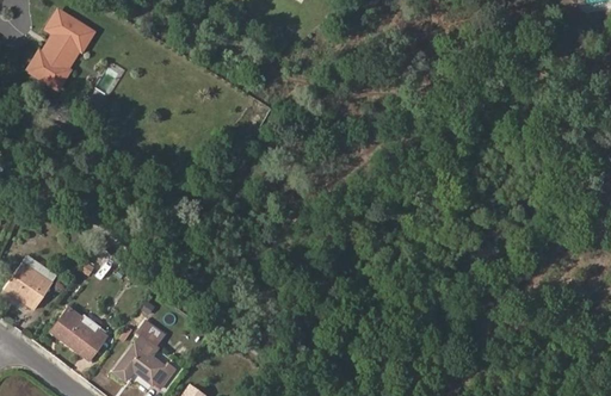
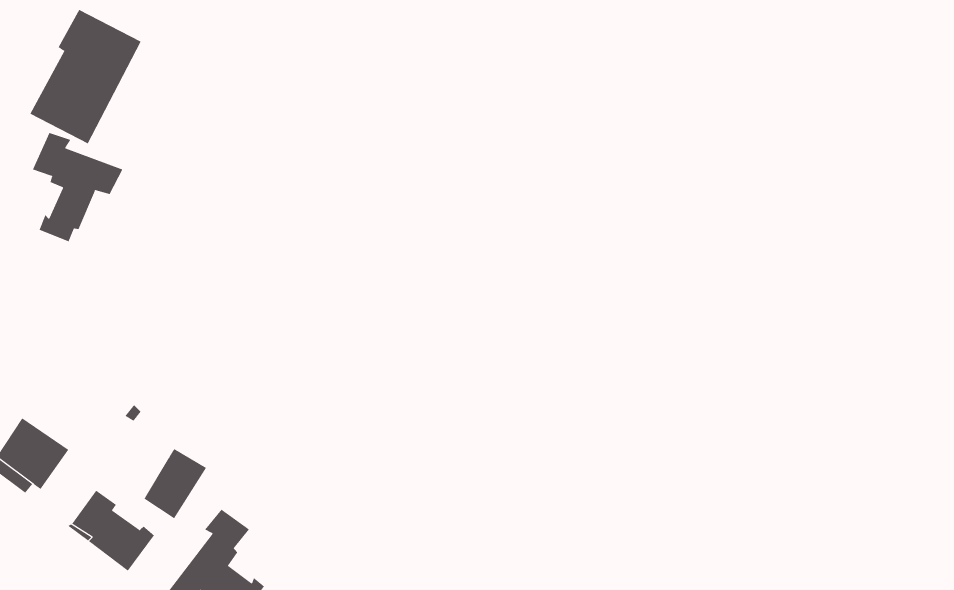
building: none -> [32,132,123,242]
building: none -> [143,448,207,519]

